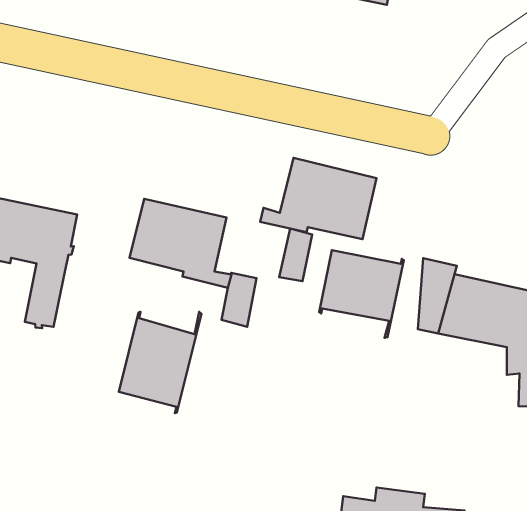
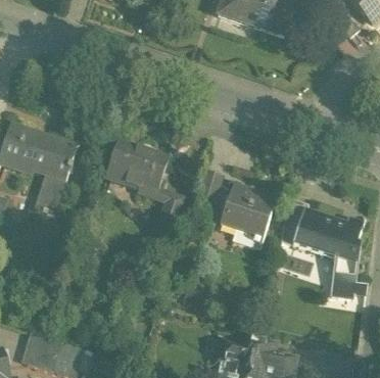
building: [260,158,376,239] -> none
building: [119,312,201,413] -> none

